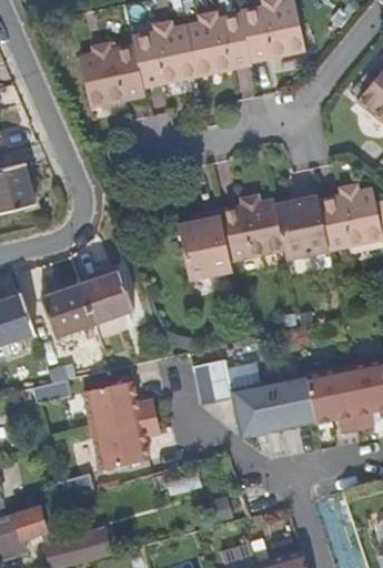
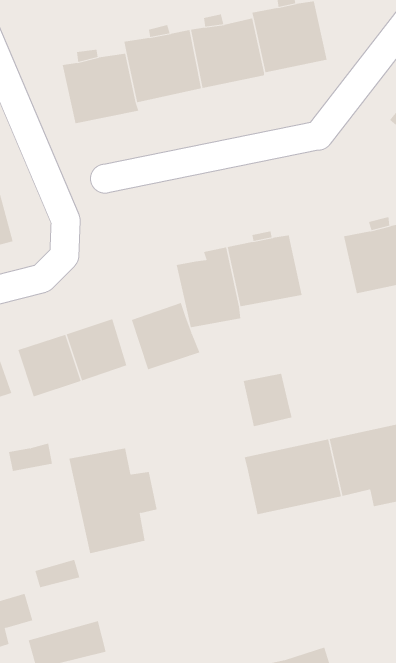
building: [272,191,327,258] -> none
building: none -> [131,302,200,370]
building: [192,359,234,405] -> [243,373,292,427]

